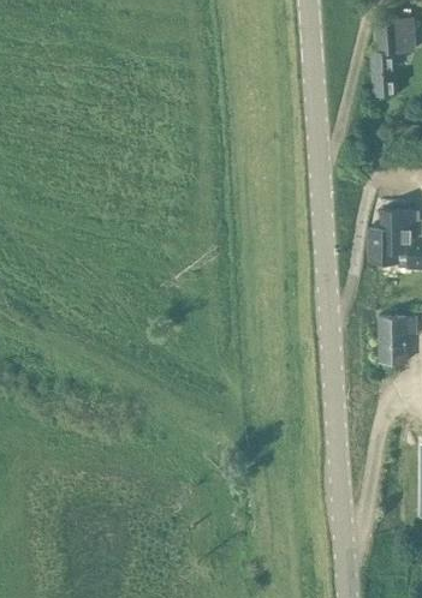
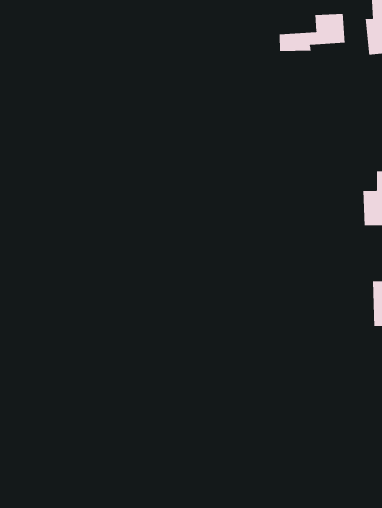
building: none -> [279,13,345,52]

